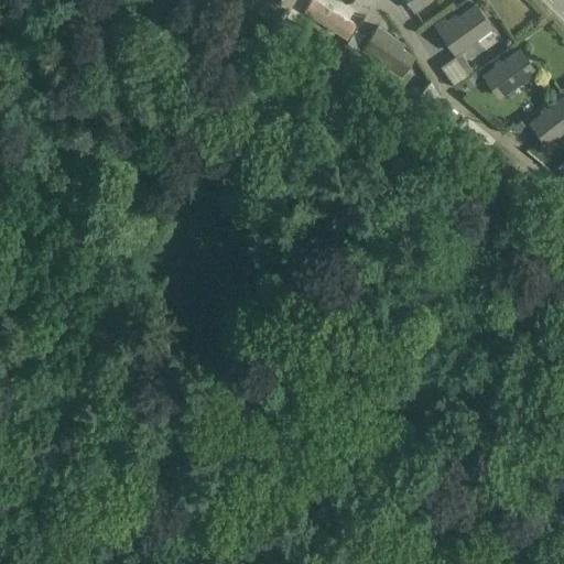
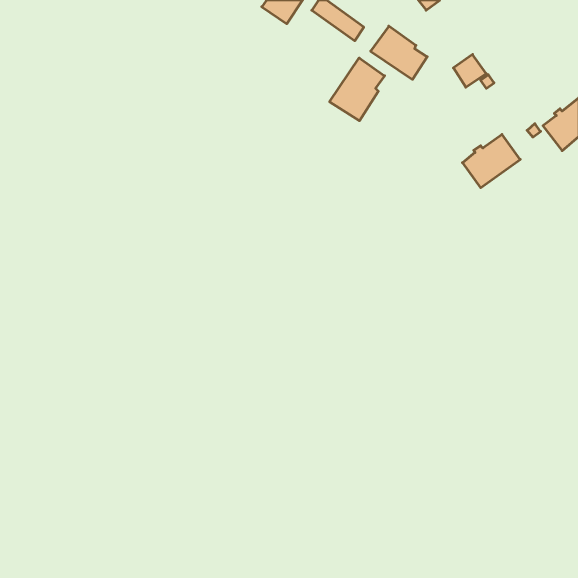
building: [436,6,492,53] -> none
building: [482,48,539,100] -> [462,134,520,188]
building: none -> [330,58,385,121]

